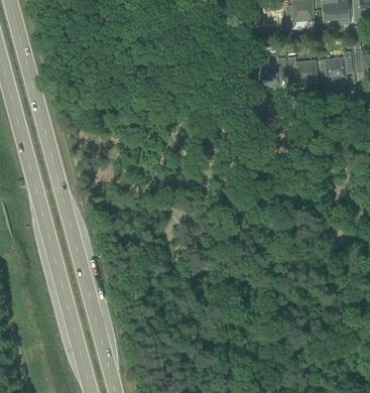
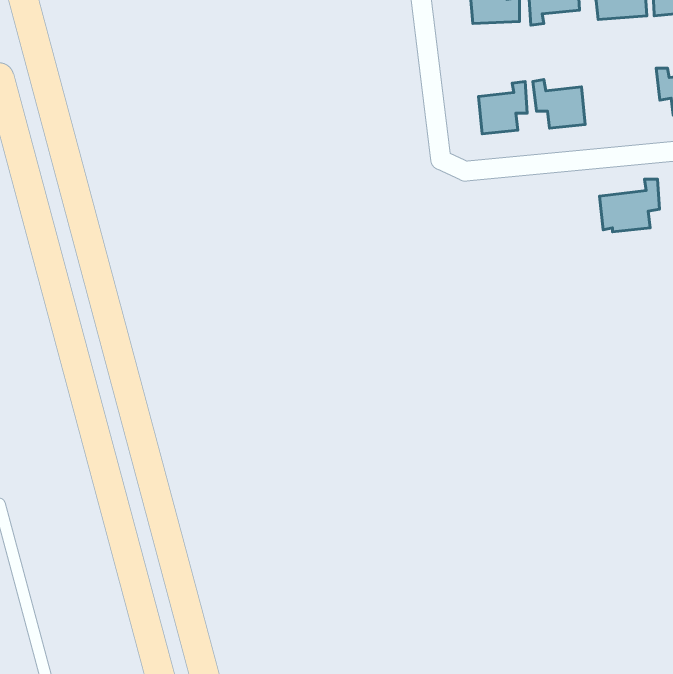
building: [320,51,352,80] -> [599,179,659,232]

